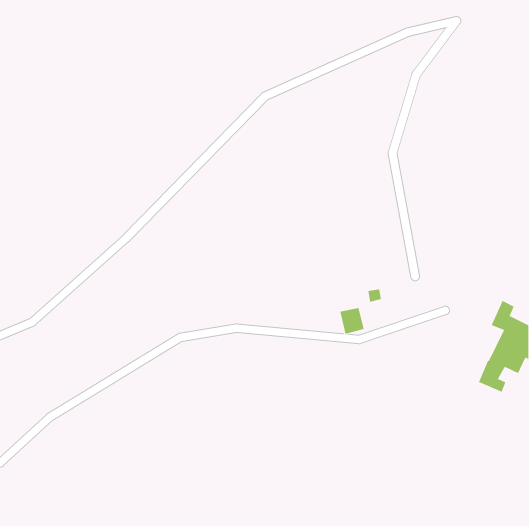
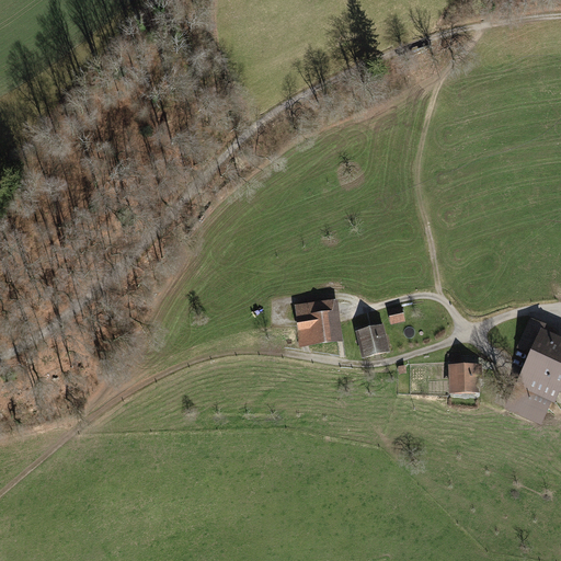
building: none -> [296,299,339,342]
building: none -> [451,364,480,389]

